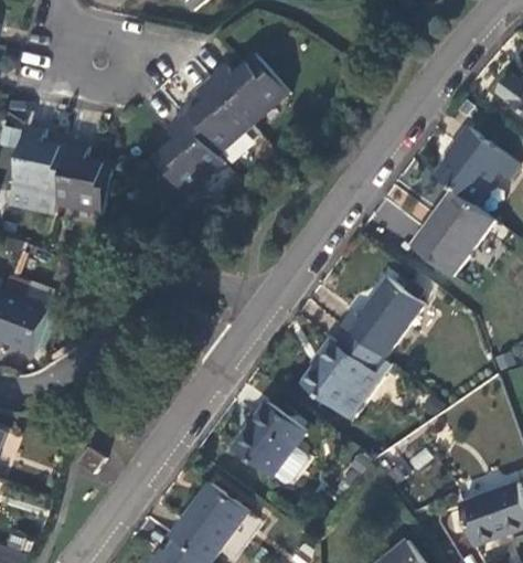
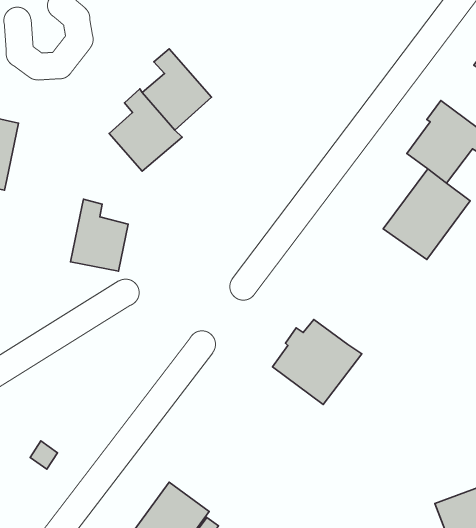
building: [211,54,288,121] -> none
building: [58,140,113,208] -> [70,199,128,271]
building: [341,276,418,353] -> none
building: [233,401,306,484] -> none

